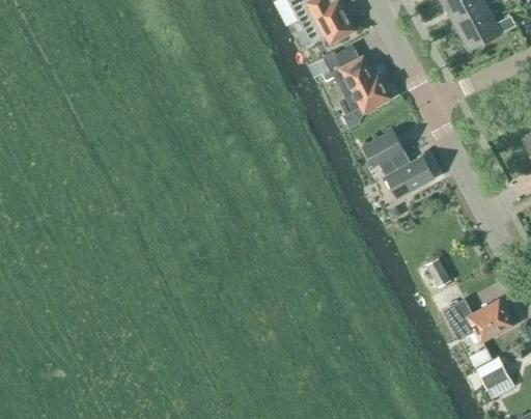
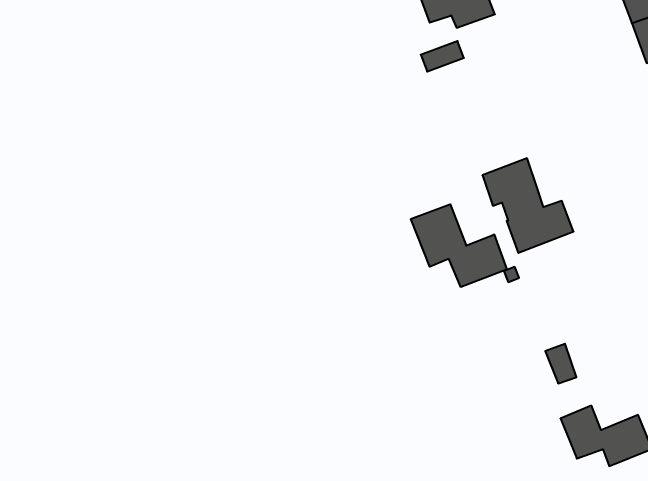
building: [333,56,391,112] -> none
building: none -> [411,204,507,287]

